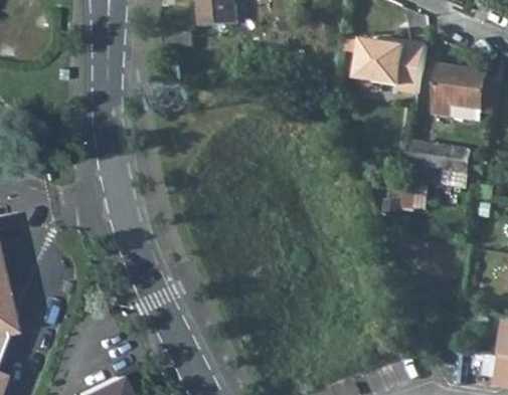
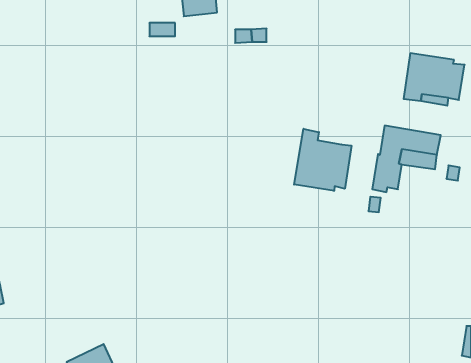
building: [356,37,426,93] -> none
building: none -> [294,129,351,191]

